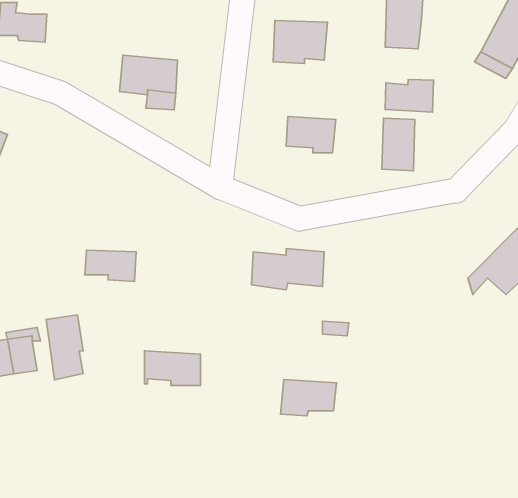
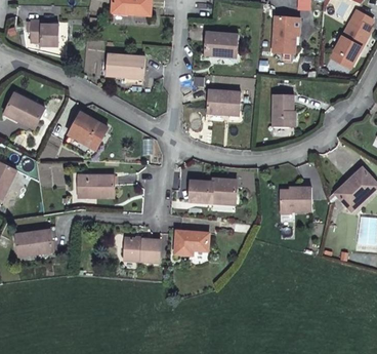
building: [385,79,433,112] -> none
building: none -> [71,114,109,151]
building: none -> [277,184,309,209]
building: [46,315,83,380] -> none
building: [281,379,337,416] -> [172,229,207,251]

